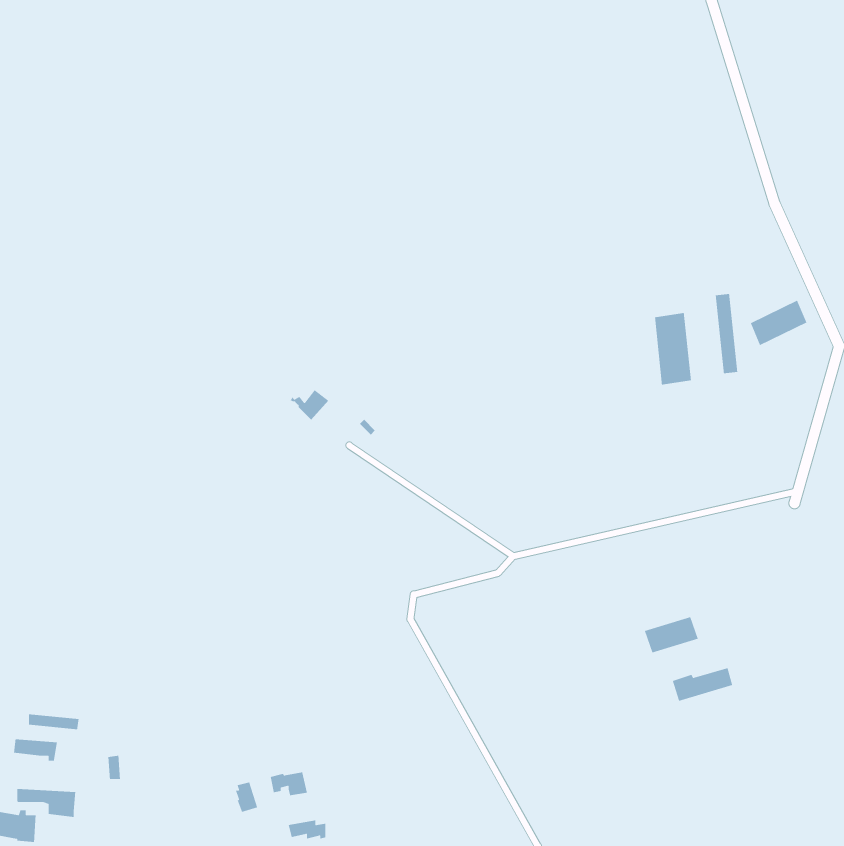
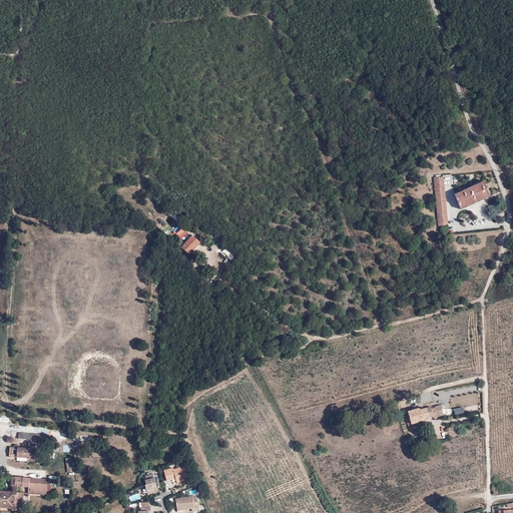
building: [654,312,692,385] -> none
building: [644,616,699,654] -> none

